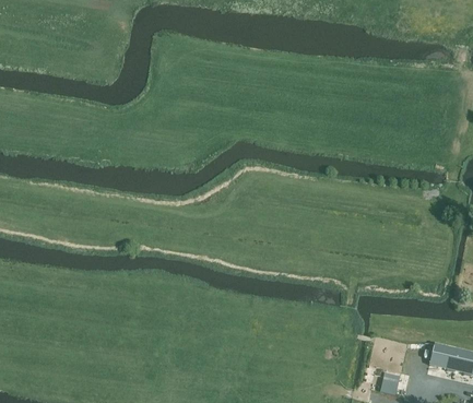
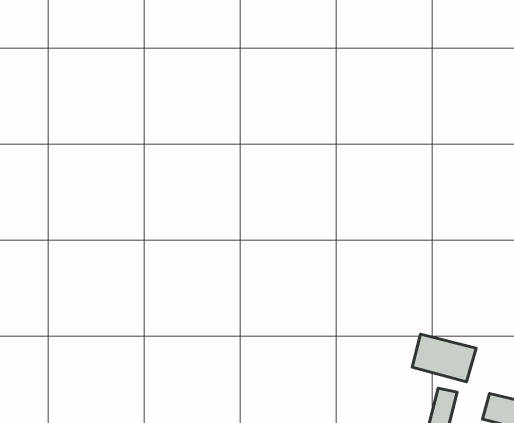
building: none -> [412,334,476,382]

